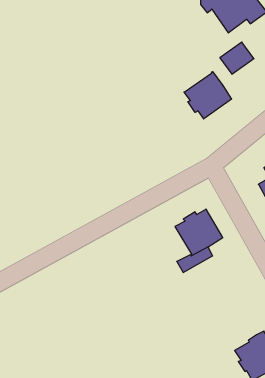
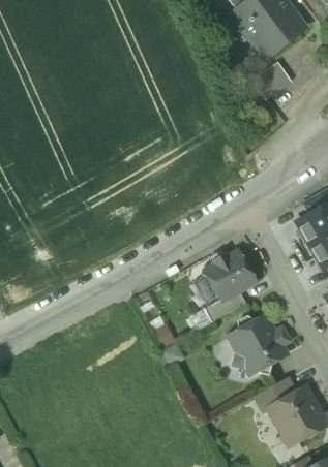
building: [184,72,232,119] -> none
building: none -> [229,315,289,374]
building: none -> [255,377,295,412]

